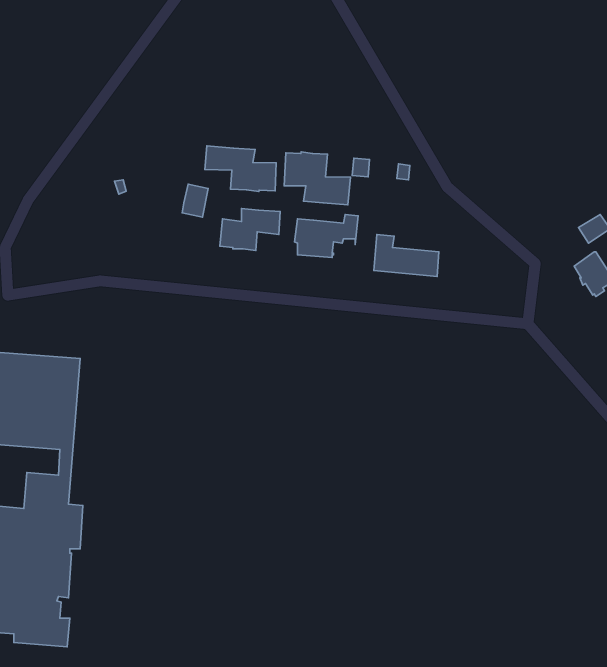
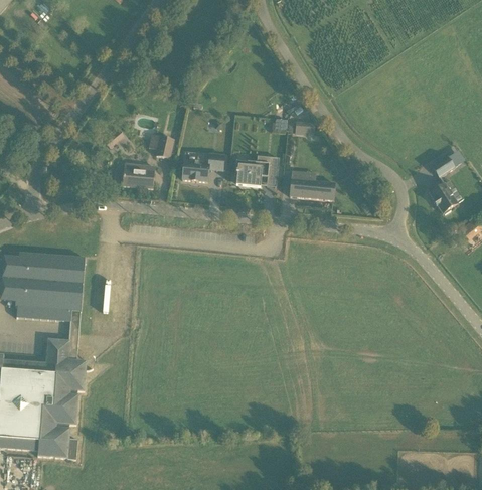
building: [205,146,276,192] -> none
building: [284,152,351,205] -> none
building: none -> [121,161,153,187]

